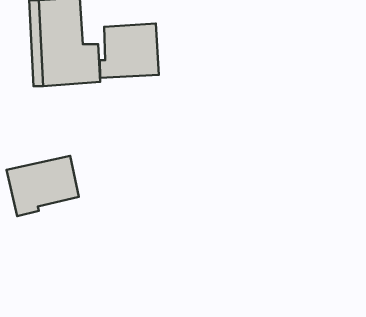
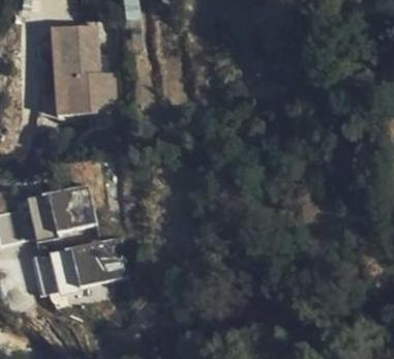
building: [100,23,159,78] -> none
building: none -> [51,235,130,295]

